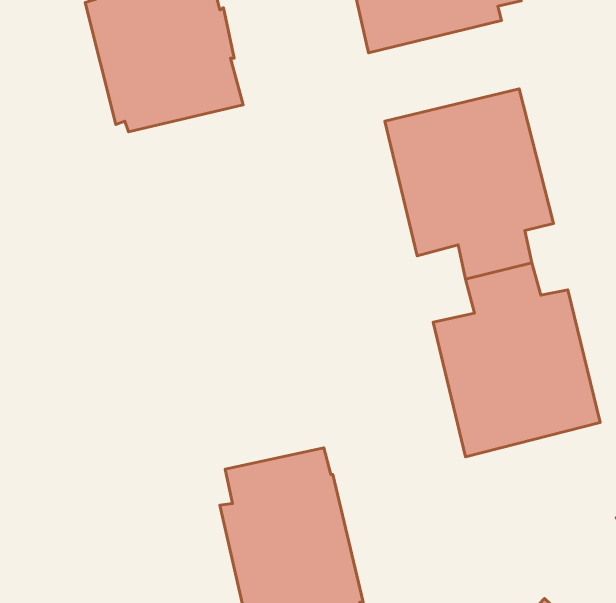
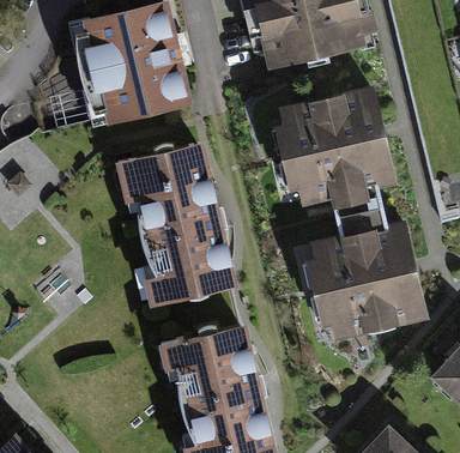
building: none -> [129,149,228,300]

